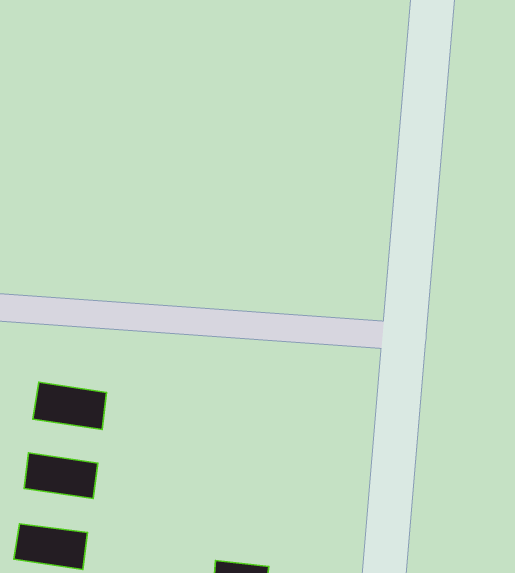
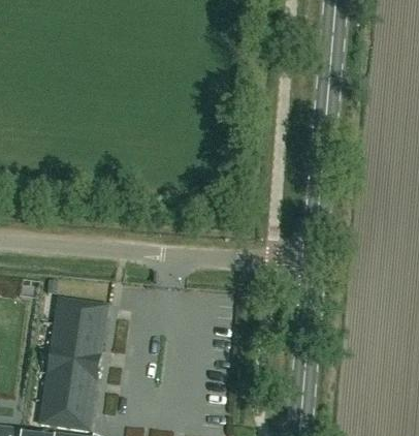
building: none -> [52,322,103,353]
building: none -> [45,371,97,402]

